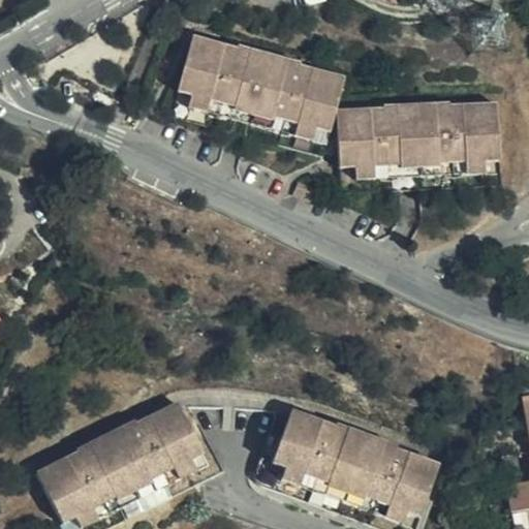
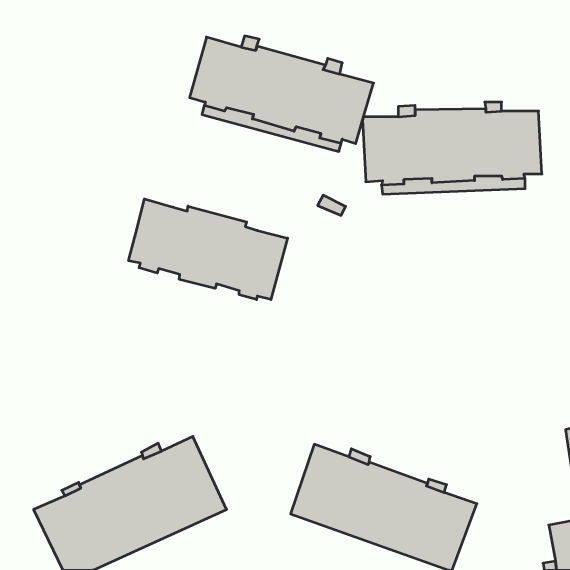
building: none -> [129,199,288,300]

